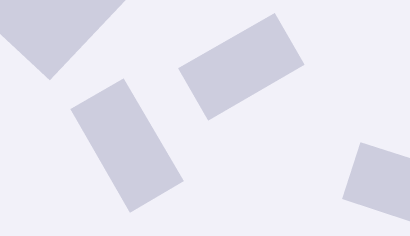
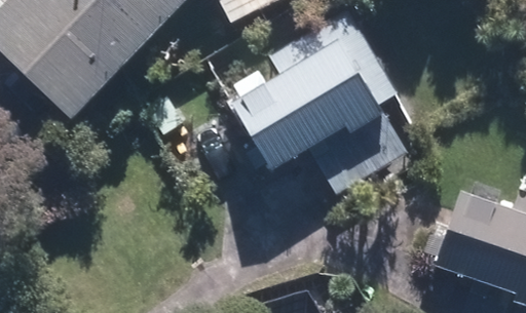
building: [69,77,185,214] -> none

